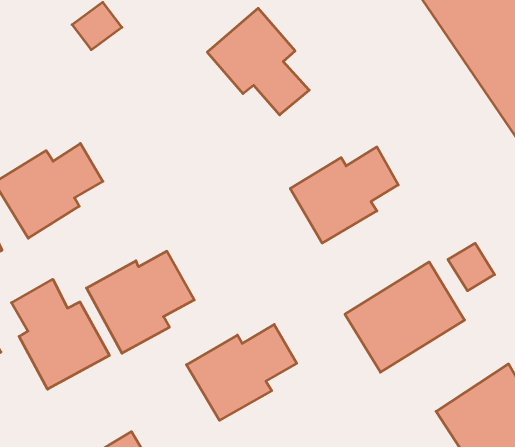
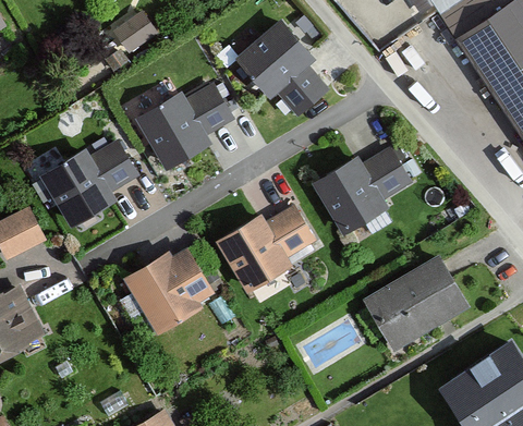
building: none -> [136,83,233,169]
building: [448,243,495,291] -> none
building: [11,279,109,389] -> none
building: [186,324,297,420] -> [216,205,317,293]

